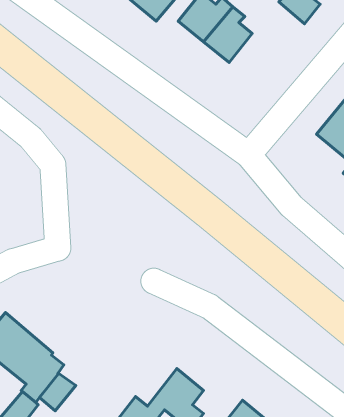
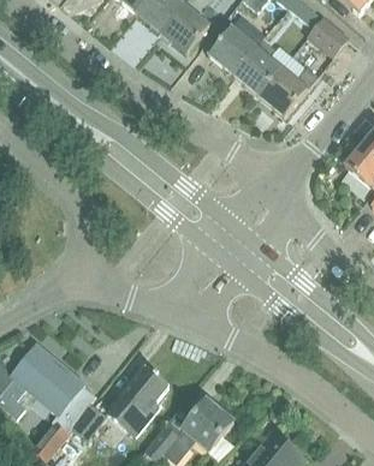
building: none -> [257,65,316,116]
building: none -> [108,365,167,431]

